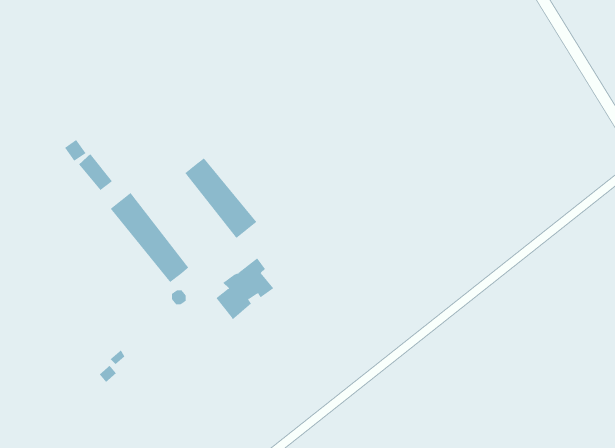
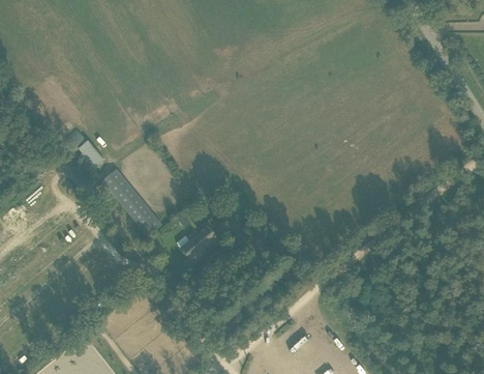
building: [185,157,257,239] -> none

